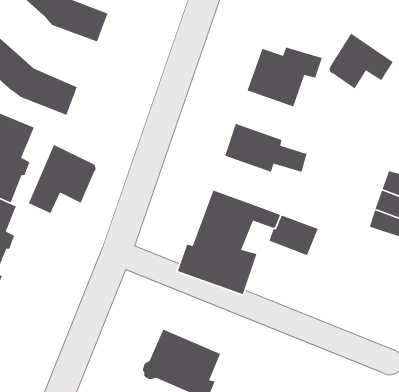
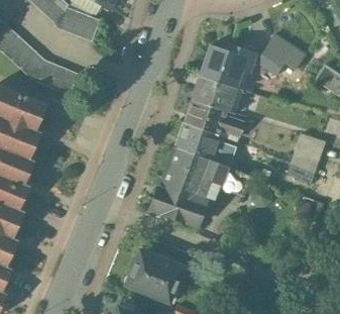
building: none -> [192,77,234,112]
building: [28,144,96,214] -> none
building: none -> [176,124,222,161]

